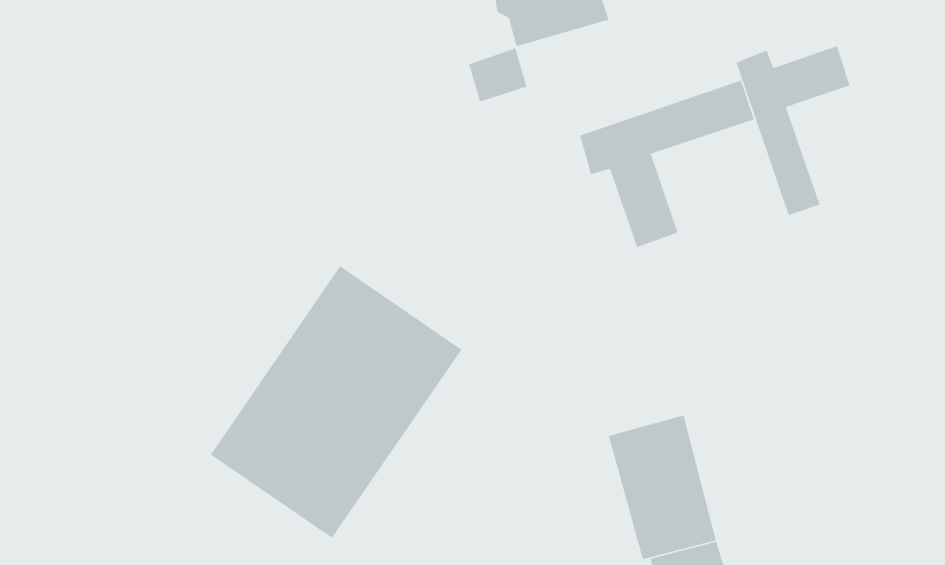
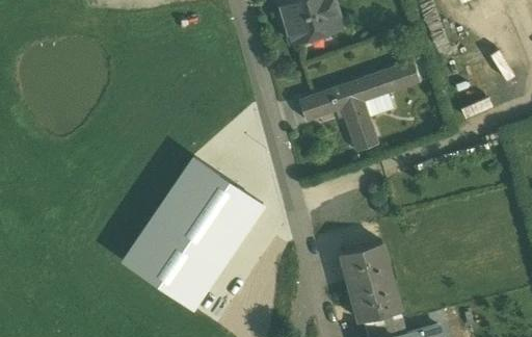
building: [736,45,851,216] -> none
building: [468,47,527,103] -> [299,90,331,121]

